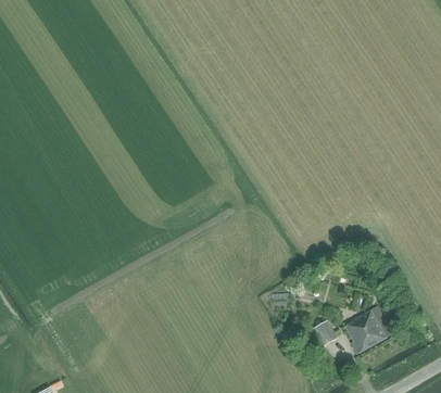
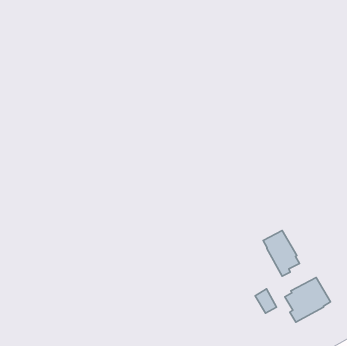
building: none -> [263,231,299,276]

